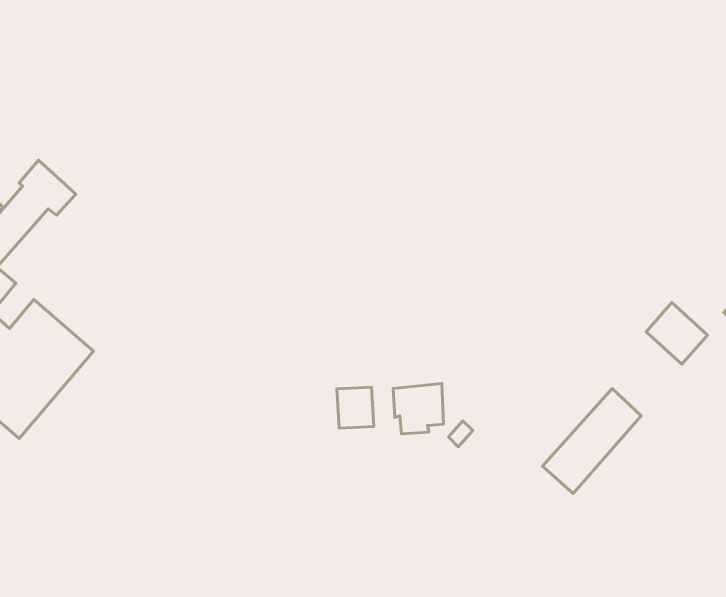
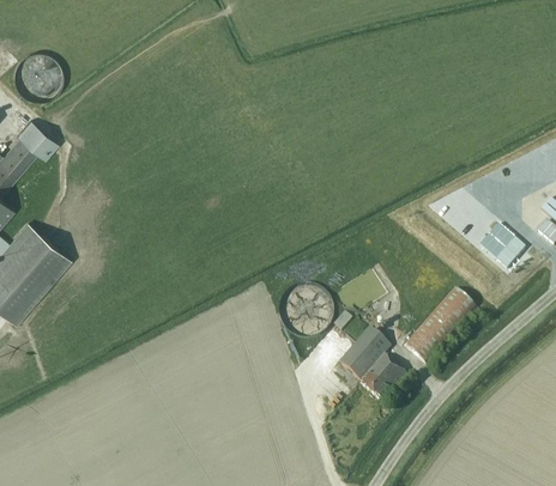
building: none -> [17,56,61,102]
building: [337,387,374,428] -> none
building: none -> [339,328,407,401]

